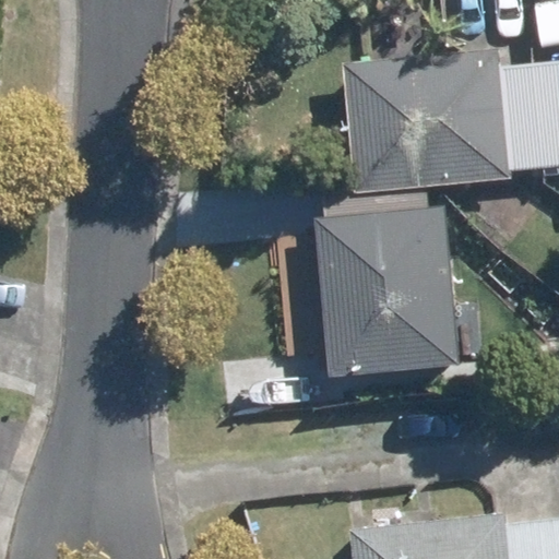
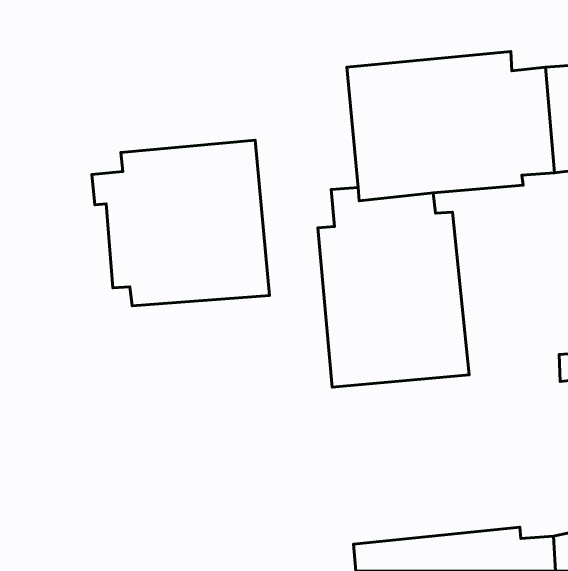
building: none -> [92,140,270,306]

